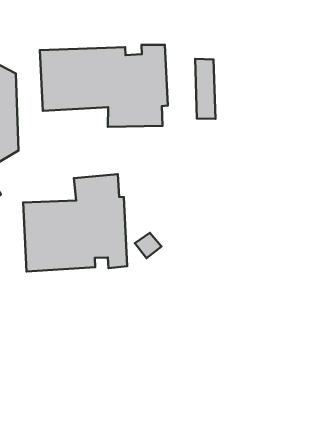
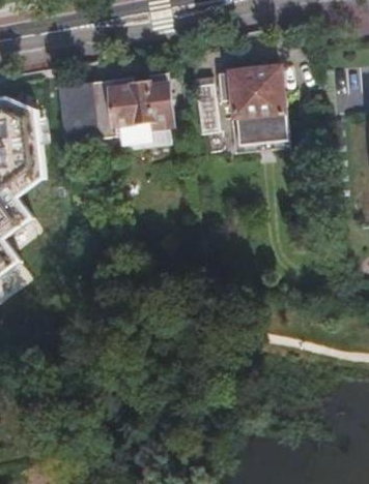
building: none -> [220,55,289,152]
building: [23,174,127,272] -> none

